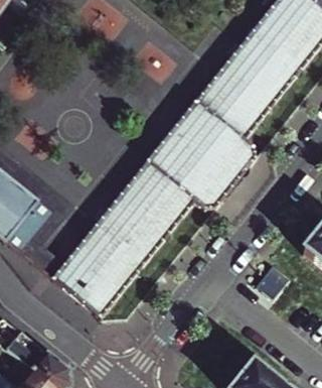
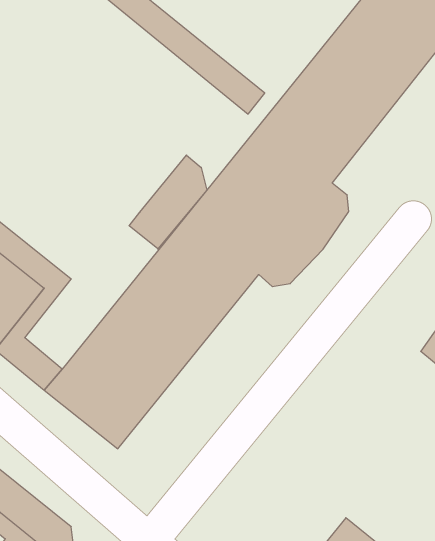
building: none -> [129,155,207,249]

